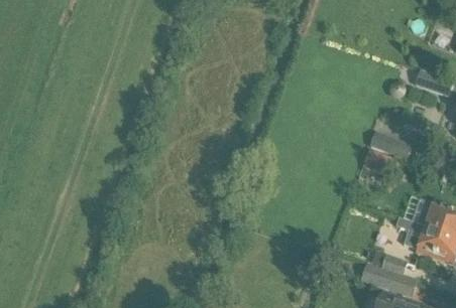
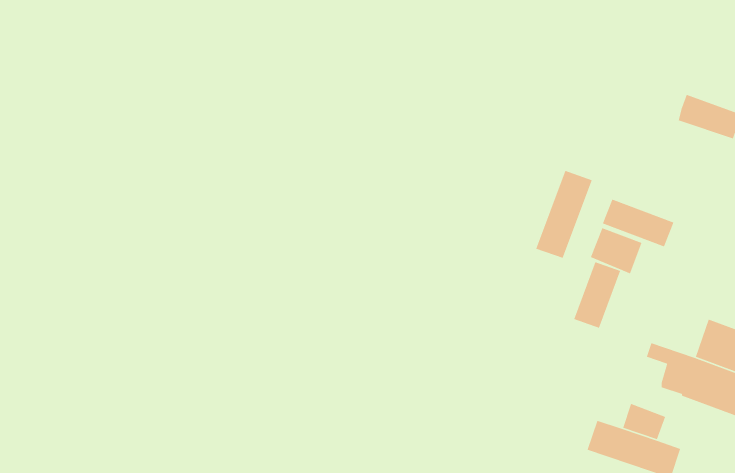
building: none -> [535,170,593,259]
building: none -> [573,261,621,329]

